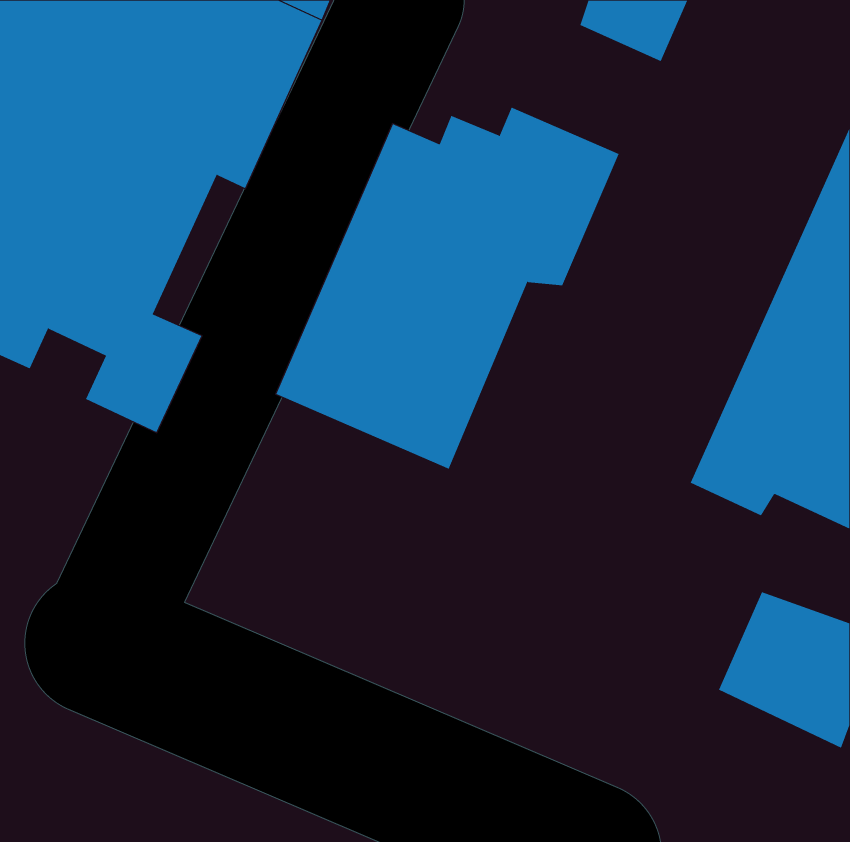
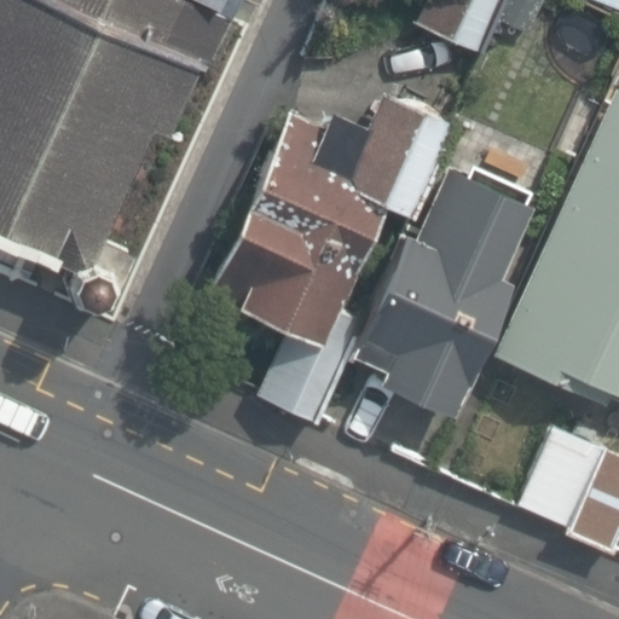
building: none -> [352,177,530,417]

